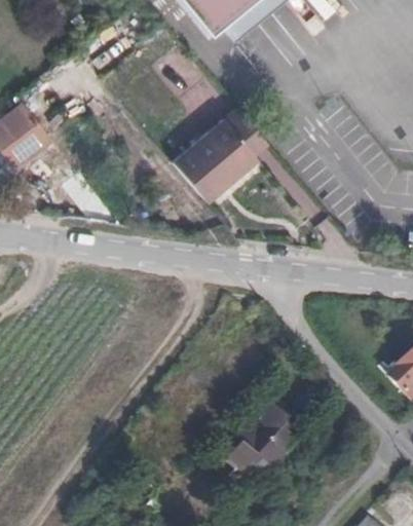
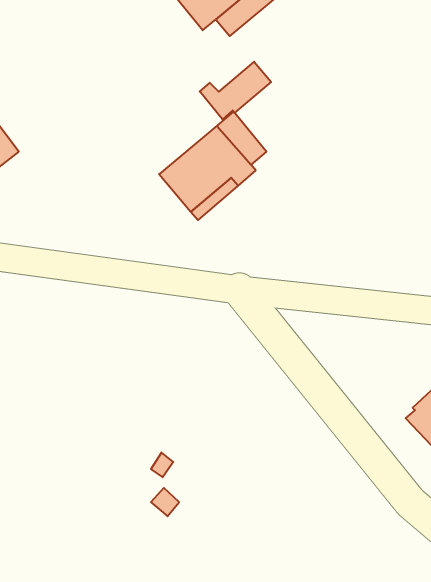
building: none -> [200,62,271,119]
building: [227,398,301,488] -> none

